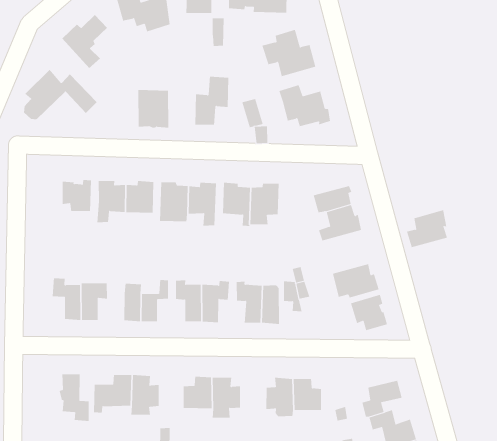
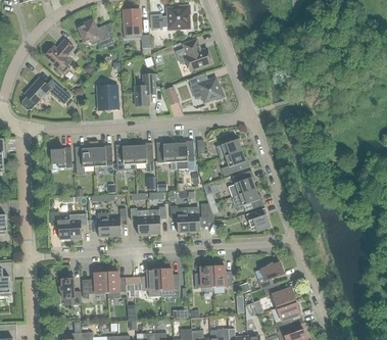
building: [406,209,448,248] -> [228,169,255,196]

